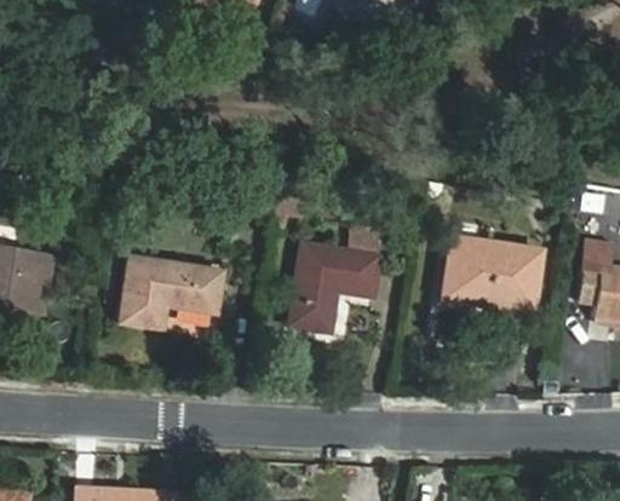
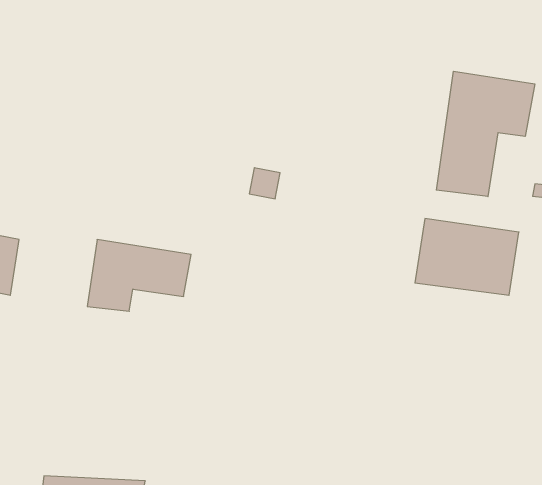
building: none -> [436,71,535,197]
building: [289,223,385,332] -> none

